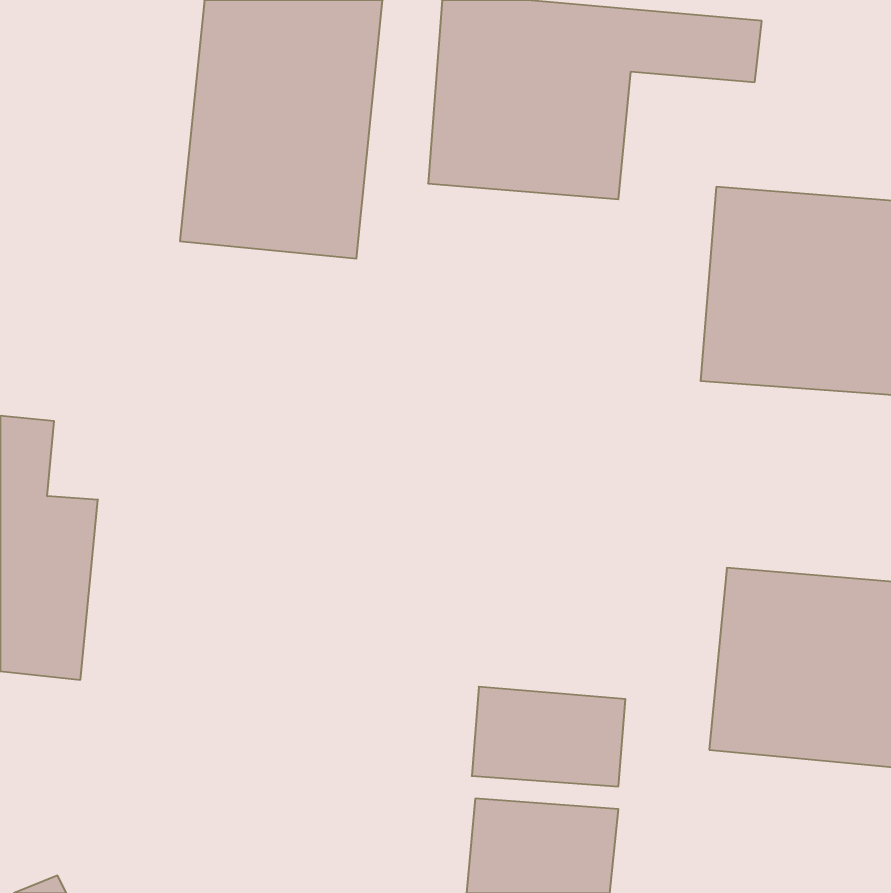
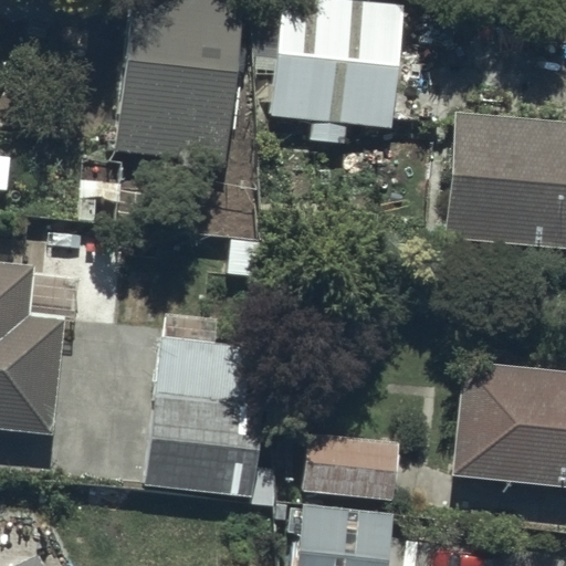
building: none -> [149,336,265,495]

